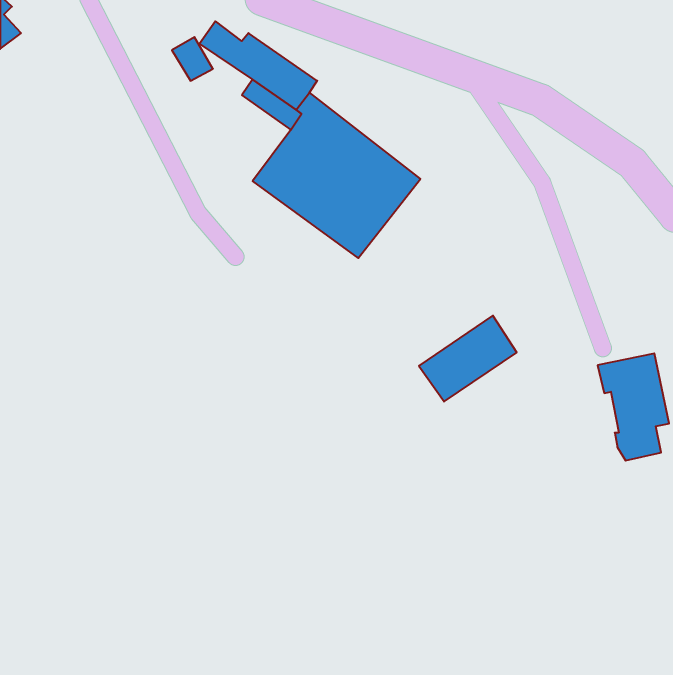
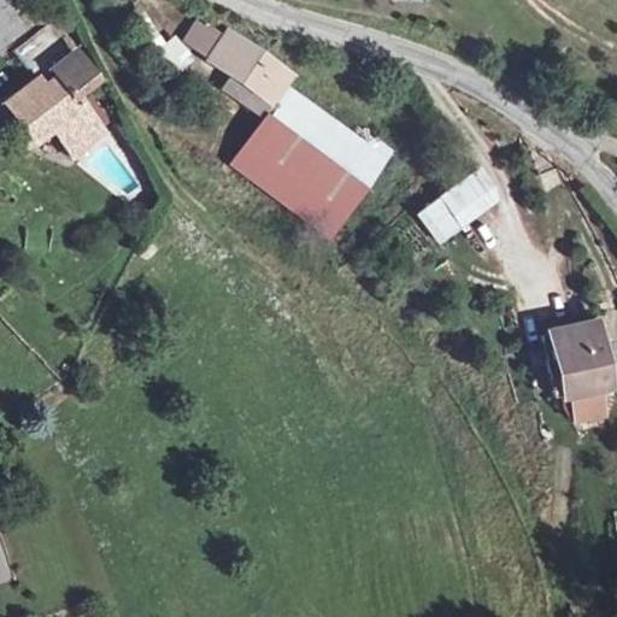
building: none -> [7,22,111,153]
building: [419,316,517,402] -> [416,166,505,245]

